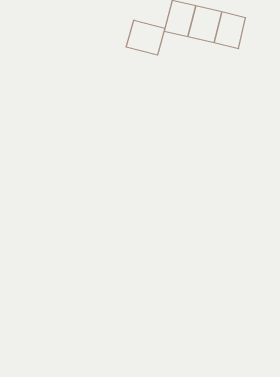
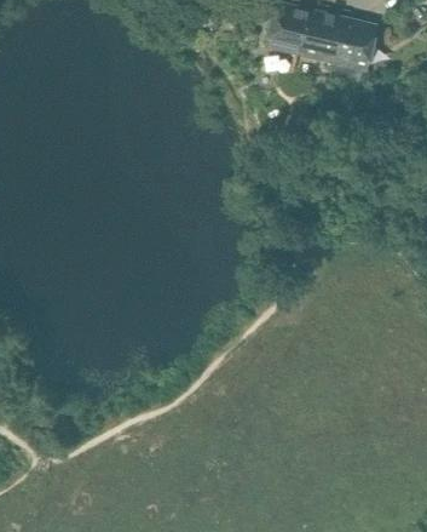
building: [126,20,165,55] -> none

